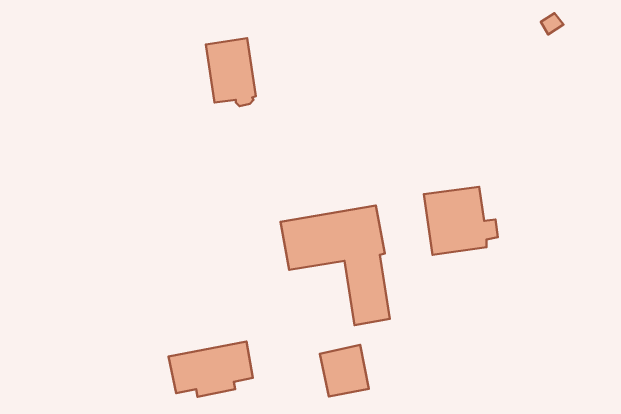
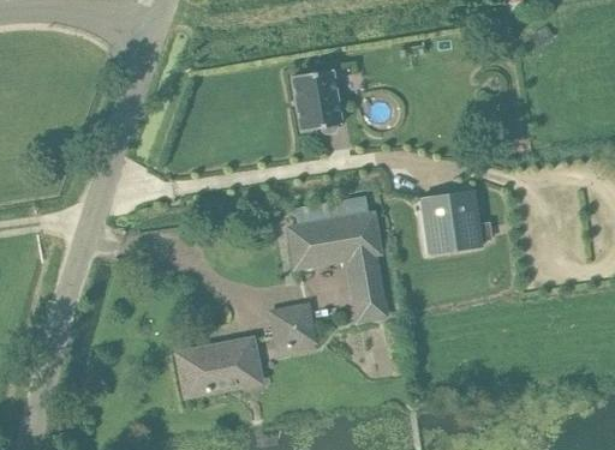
building: [206,38,256,106] -> [293,68,341,133]
building: [320,345,369,397] -> [268,301,315,350]

